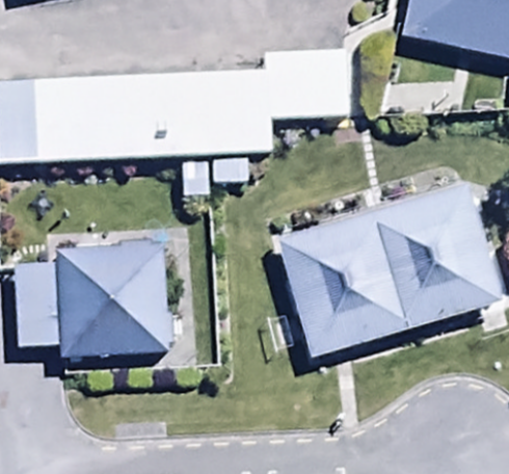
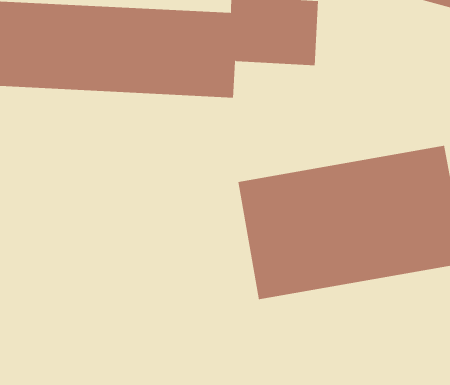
building: [53,243,172,360] -> none

